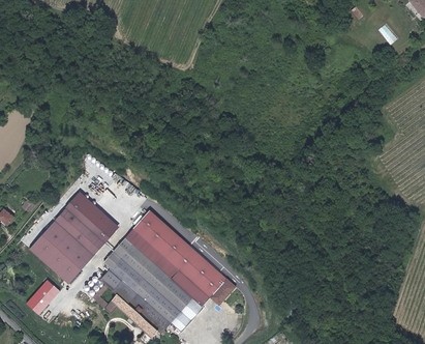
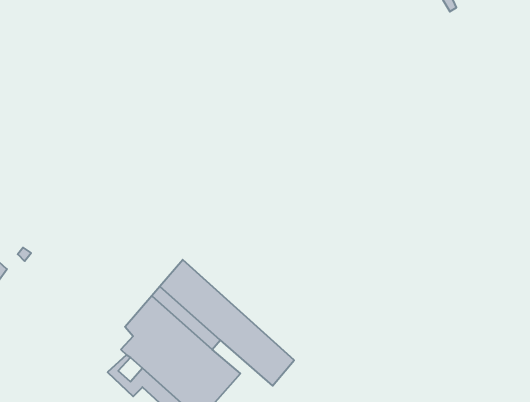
building: [24,190,115,283] -> none
building: [22,278,57,314] -> none

